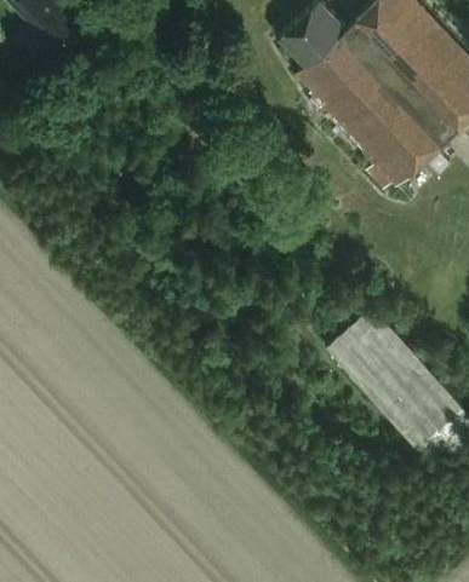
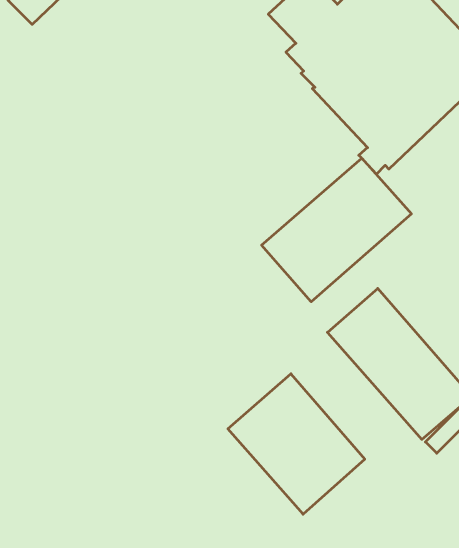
building: none -> [262,158,411,302]
building: none -> [228,374,365,514]

